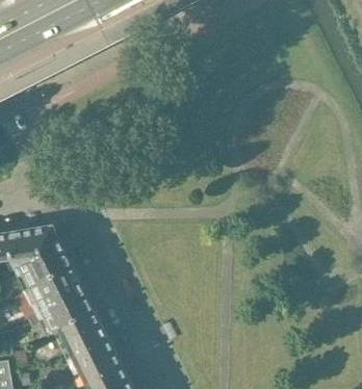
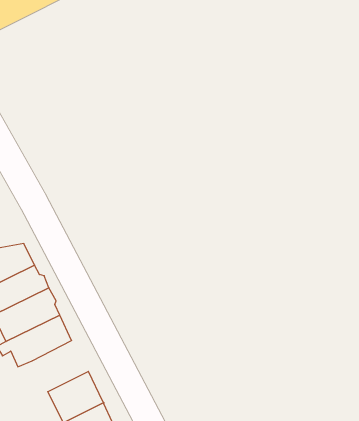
building: [57,310,106,355] -> none

